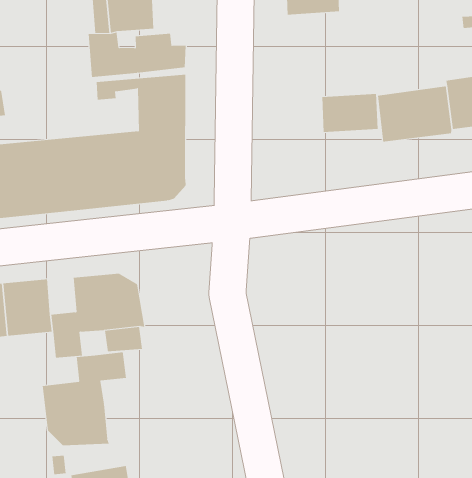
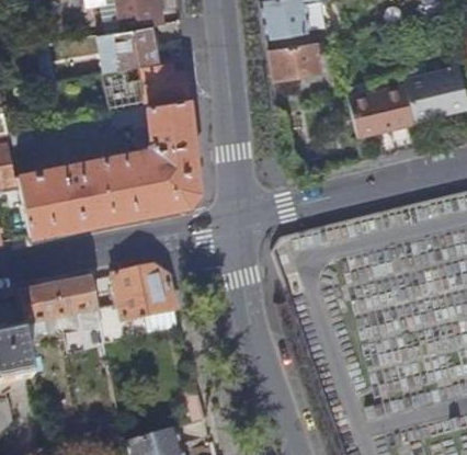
building: [321,94,378,132] -> [269,41,319,78]
building: [42,352,127,446] -> none

